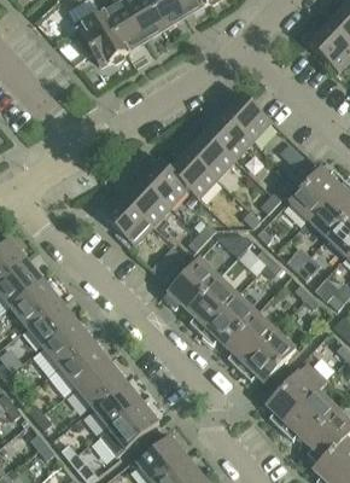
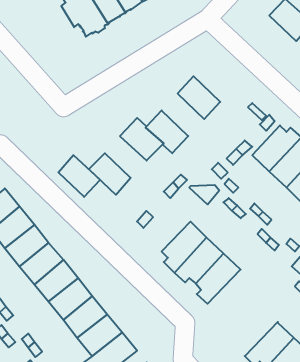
building: [222,92,270,140] -> none
building: [186,130,234,179] -> none
building: [122,179,169,226] -> [58,155,100,197]
building: [162,257,218,309] -> none
building: [238,330,294,382] -> none
building: [264,362,326,427] -> none

